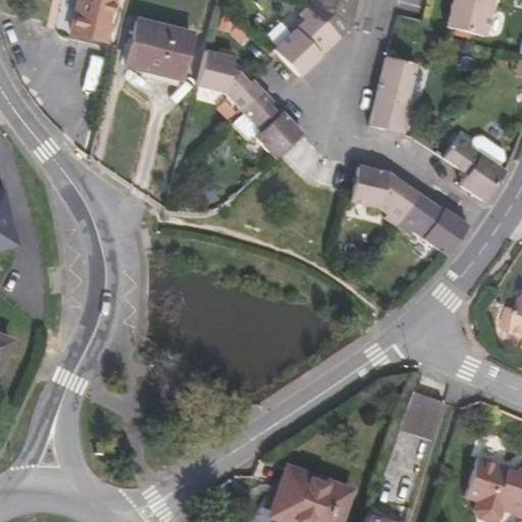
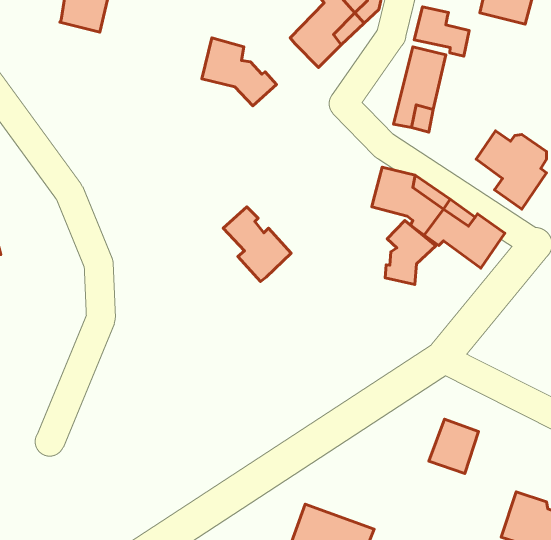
building: [127,19,192,79] -> none
building: none -> [414,7,469,56]
building: [243,90,304,157] -> [223,207,291,282]
building: none -> [385,220,436,285]

